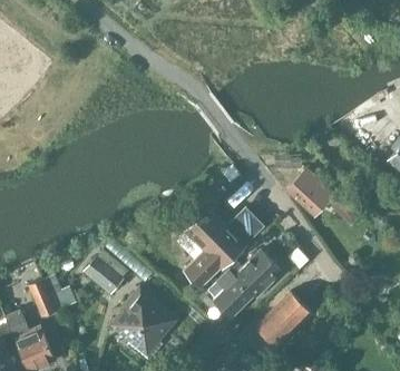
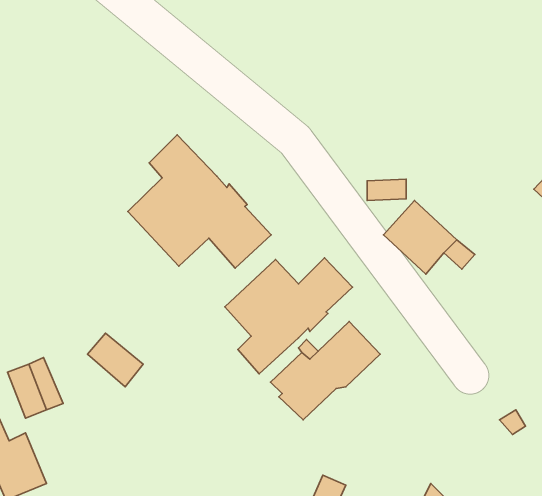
building: none -> [128,135,271,268]
building: [114,290,170,364] -> none
building: [255,293,311,349] -> none

